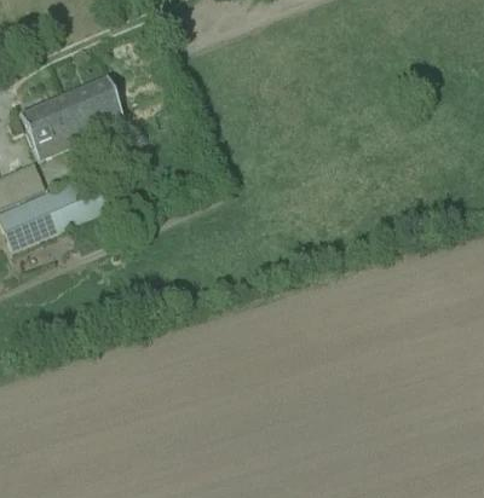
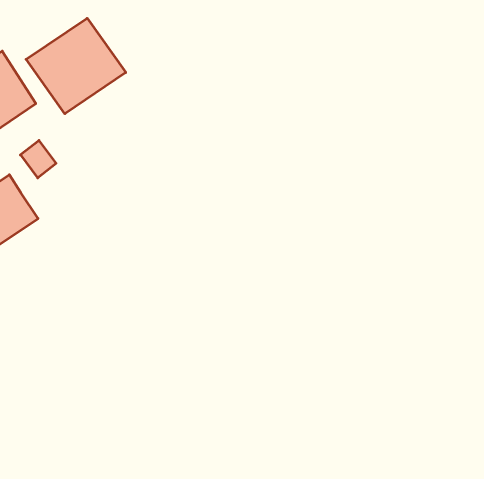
building: none -> [26,18,126,114]

